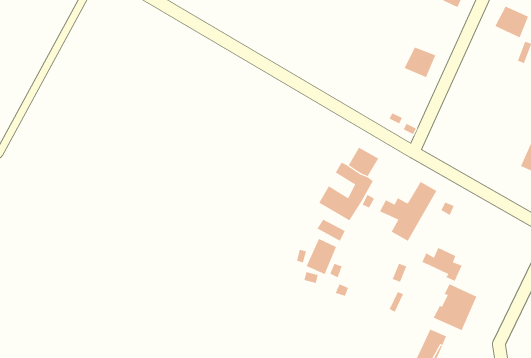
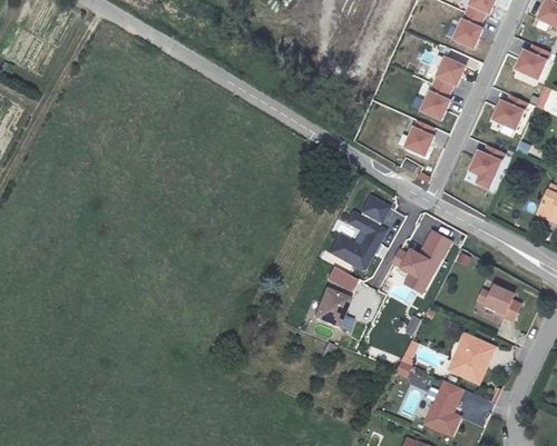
building: none -> [434,54,467,88]
building: none -> [489,98,525,130]
building: none -> [402,126,434,157]
building: none -> [467,149,502,189]
building: [422,247,463,282] -> [478,286,520,321]

